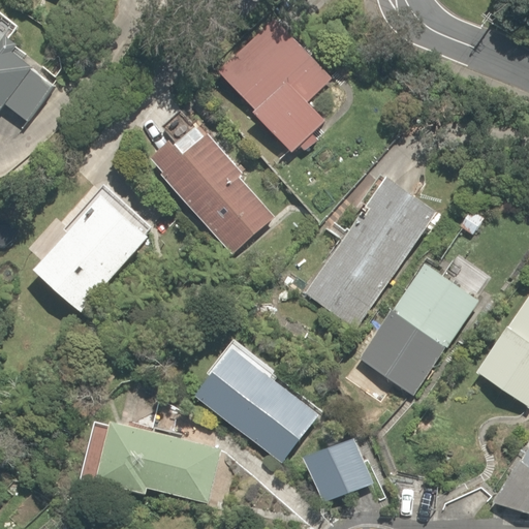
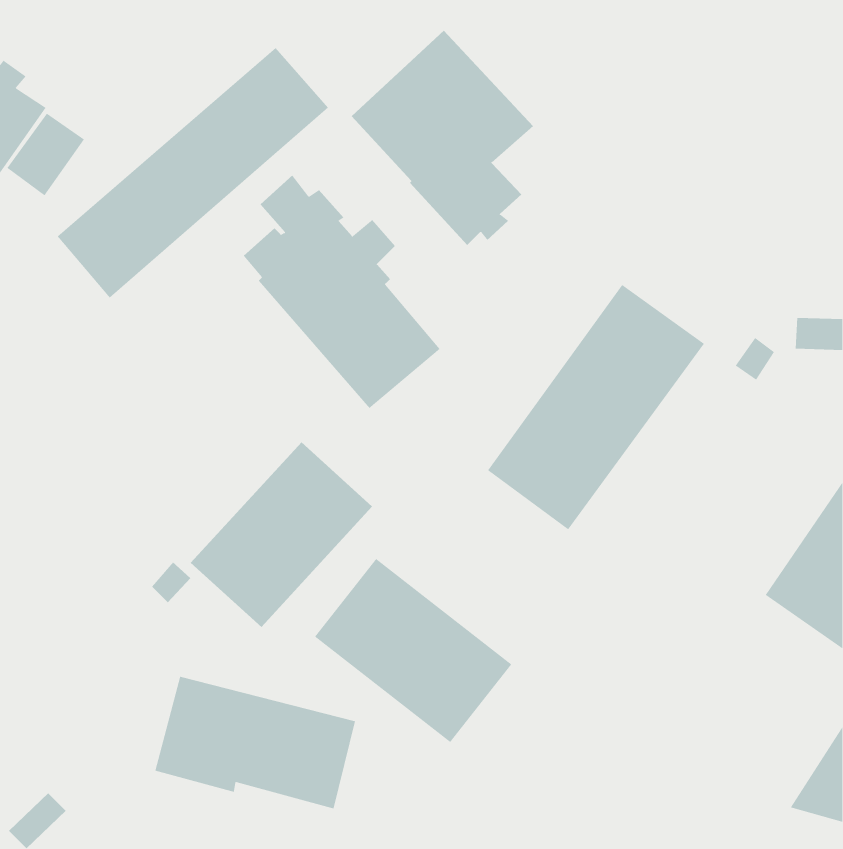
building: none -> [57,47,329,298]
building: [36,196,150,312] -> [190,442,373,628]
building: [357,263,477,395] -> none
building: [305,437,373,502] -> none

